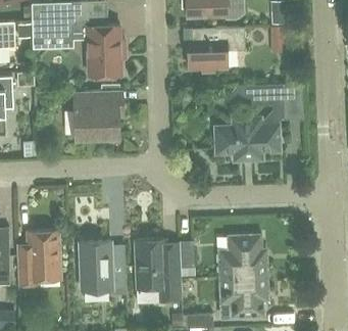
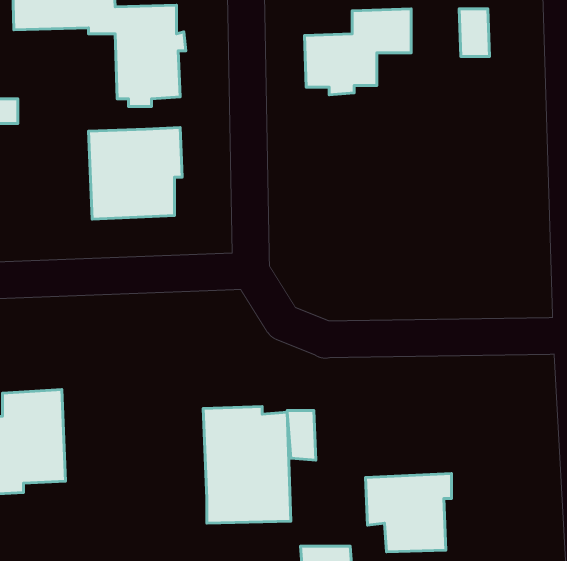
building: [215,84,302,160] -> none
building: [219,236,266,278] -> none
building: [79,242,126,295] -> none

